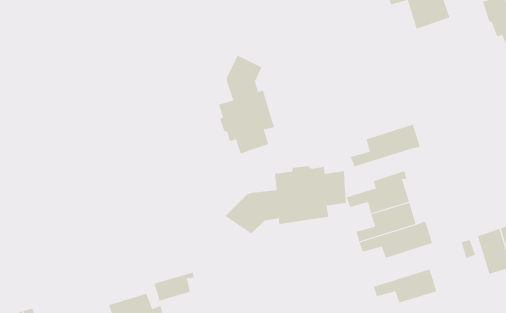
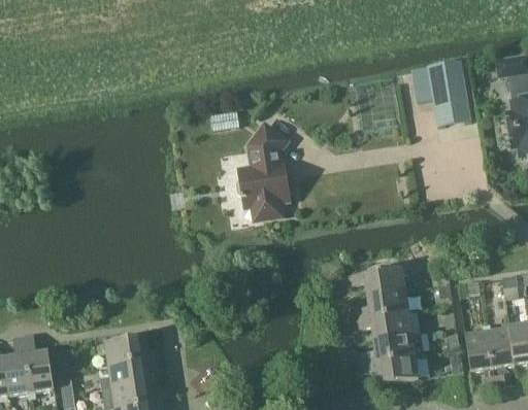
building: [350,124,420,167] -> [356,332,424,364]
building: [225,166,346,234] -> none
building: [154,272,194,302] -> none

